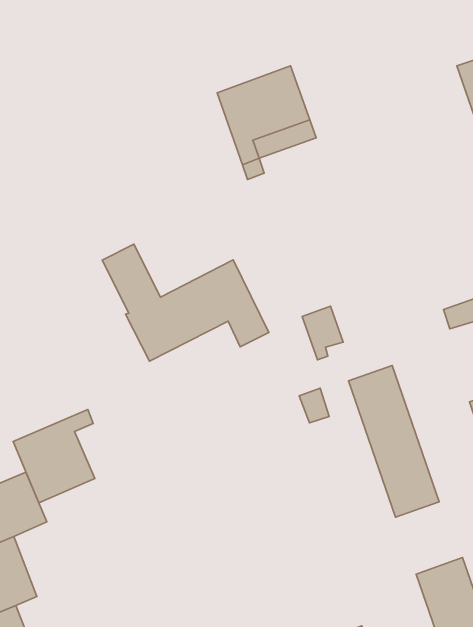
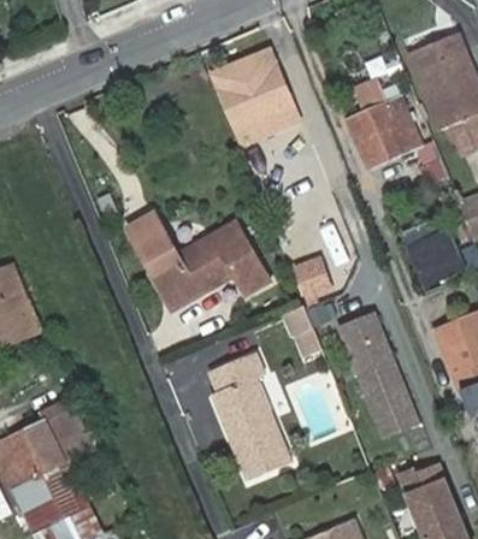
building: none -> [348,96,421,165]
building: [13,409,95,503] -> none
building: none -> [208,350,290,479]

